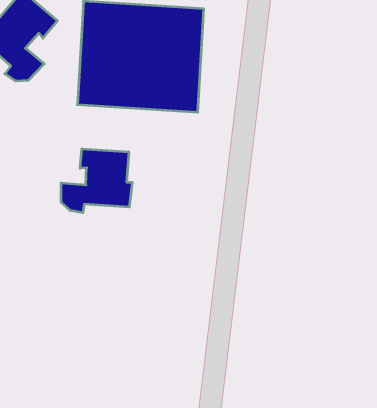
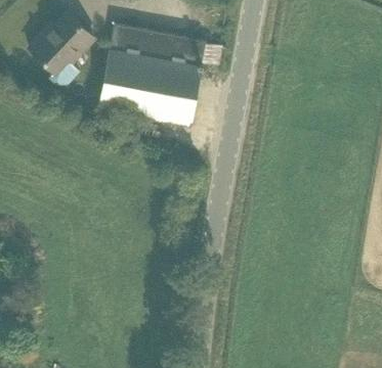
building: [61,149,132,213] -> none

